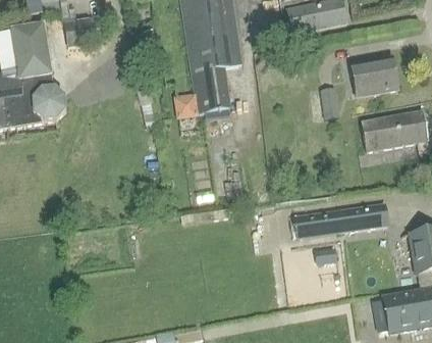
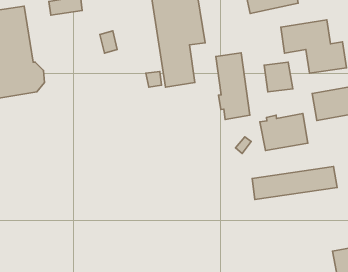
building: none -> [216,53,250,120]
building: none -> [260,114,308,151]

